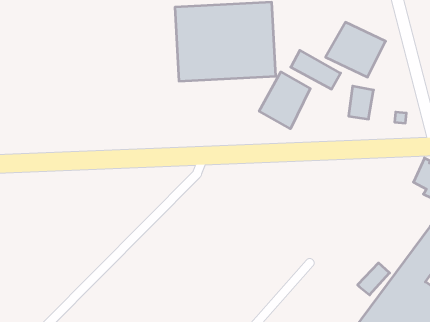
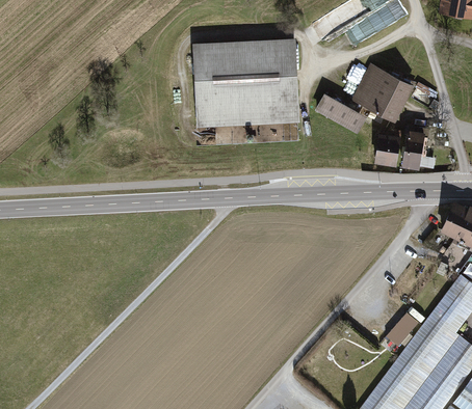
building: [259,72,310,129] -> none
building: none -> [402,128,425,167]

